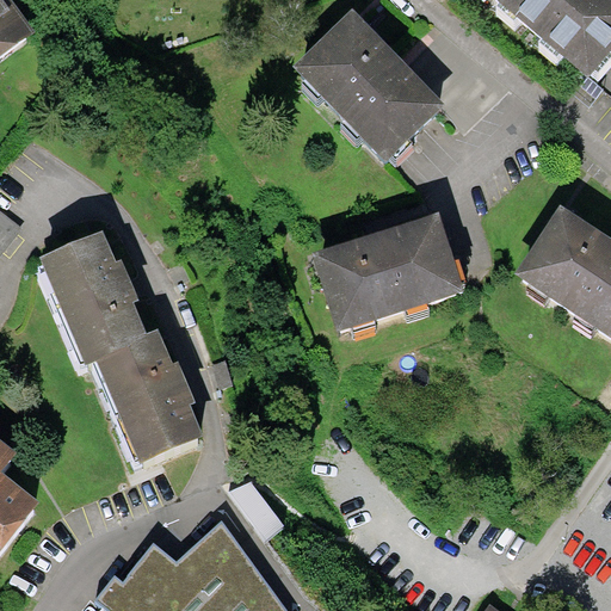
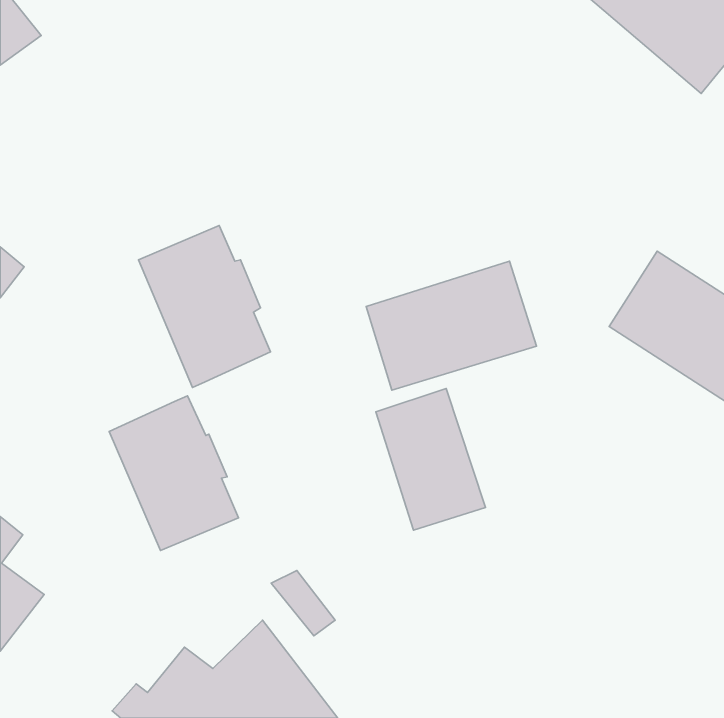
building: [291,16,432,156] -> none
building: [37,232,148,368] -> [138,226,270,387]
building: none -> [376,389,485,530]

